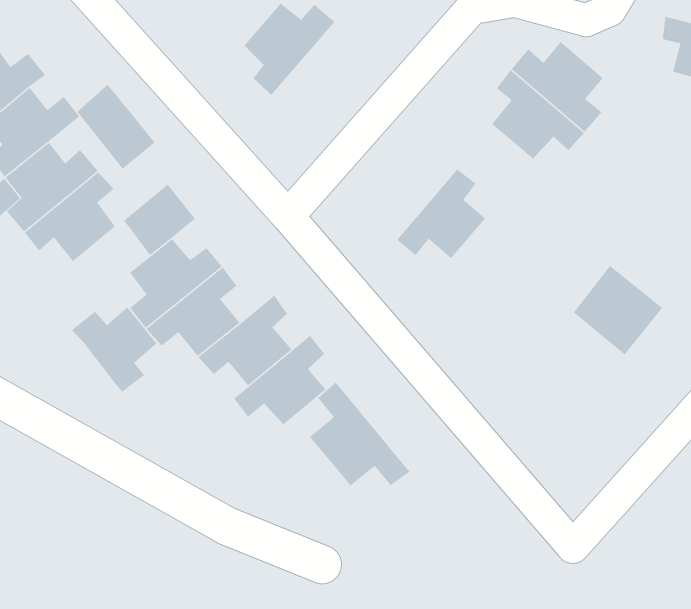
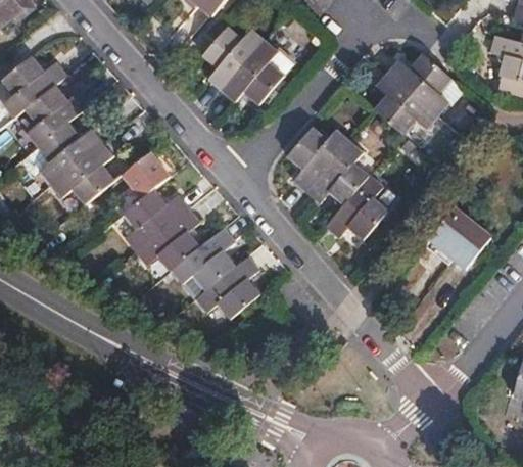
building: none -> [222,40,284,105]
building: [76,84,156,170] -> none
building: none -> [287,127,349,190]
building: none -> [326,175,388,238]
building: [71,307,157,393] -> none
building: [309,381,410,486] -> none

